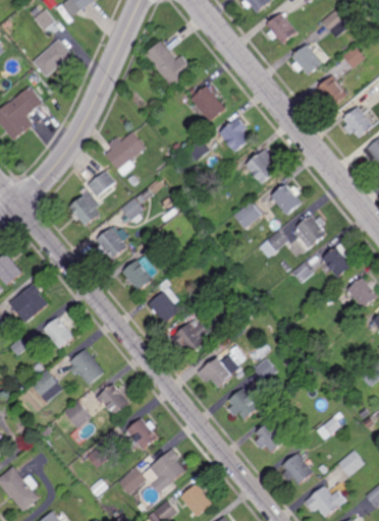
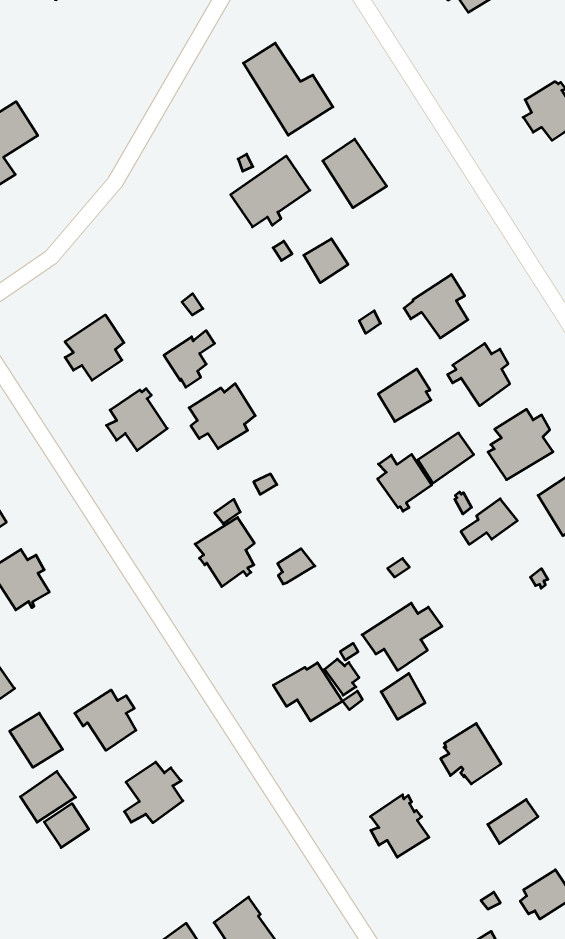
building: [266,11,296,42] -> none
building: [32,38,73,76] -> none
building: [219,116,249,151] -> none
building: [104,130,145,169] -> [231,156,310,227]
building: [86,169,114,197] -> none
building: none -> [378,454,432,511]
building: [121,255,156,290] -> [189,384,255,449]
building: [170,319,211,354] -> [362,603,442,670]
building: [69,348,104,385] -> none
building: [227,388,259,419] -> [441,723,501,784]
building: [150,451,185,495] -> none
building: [282,454,313,485] -> none
building: [118,467,147,495] -> [20,771,76,822]

